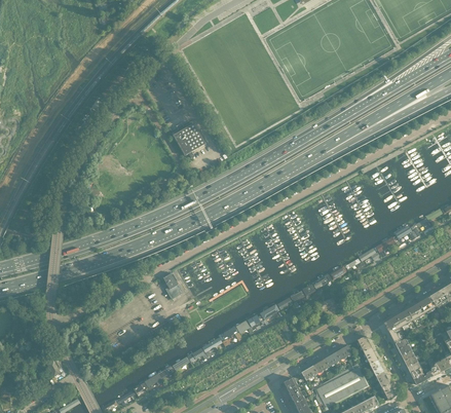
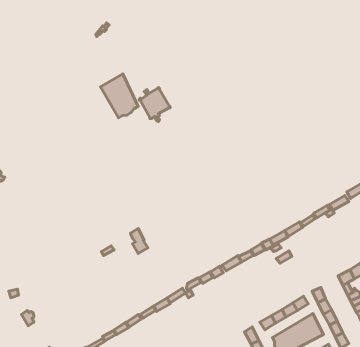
building: none -> [100,74,138,118]

